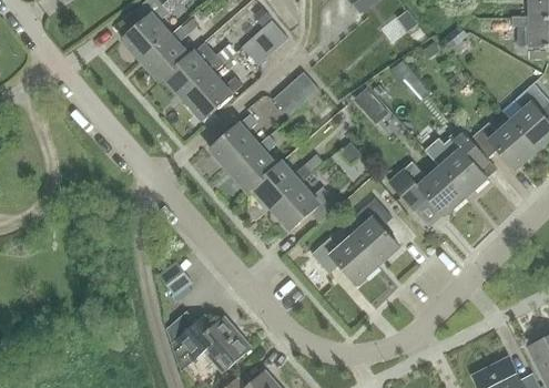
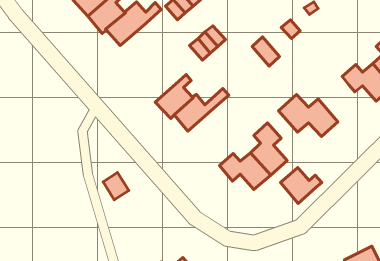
building: [183,72,242,120] -> none
building: [210,113,258,171] -> none
building: [439,129,487,196] -> none
building: [271,182,338,229] -> none
building: none -> [280,168,322,203]
building: [166,310,250,370] -> none

